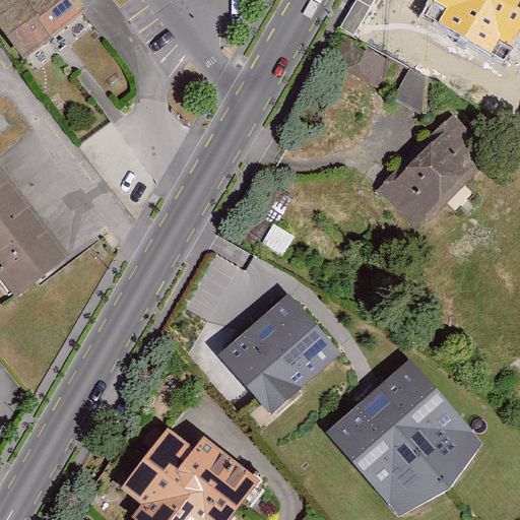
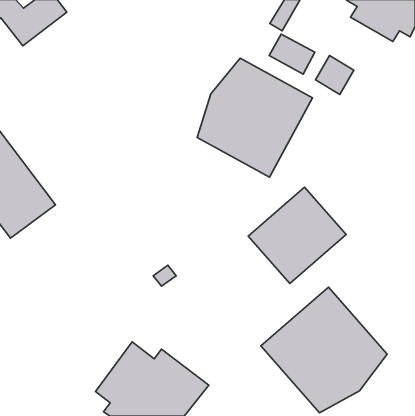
building: none -> [197,58,312,177]
building: [380,119,493,232] -> none
building: [216,292,338,412] -> [248,187,346,284]

